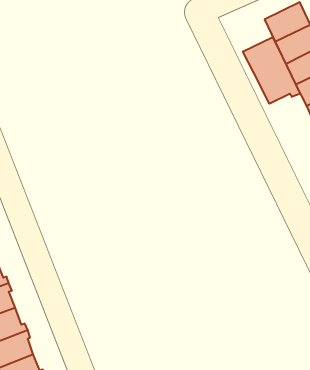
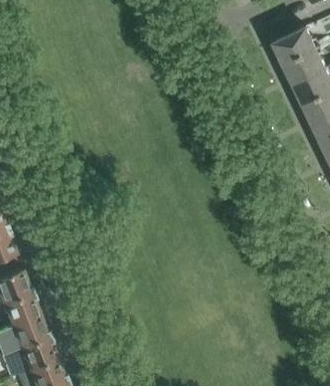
building: [243,37,300,104] -> none

